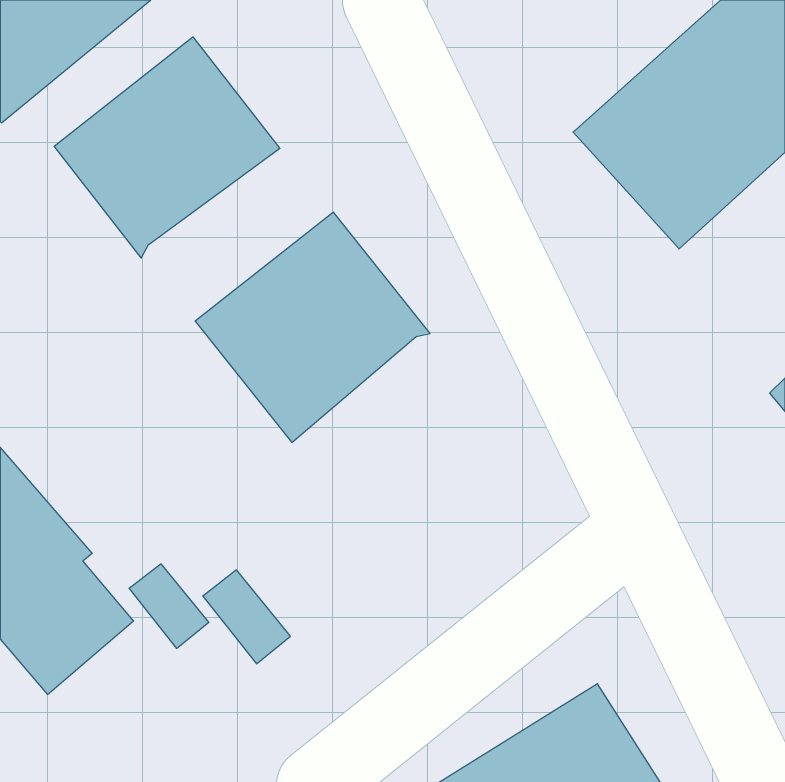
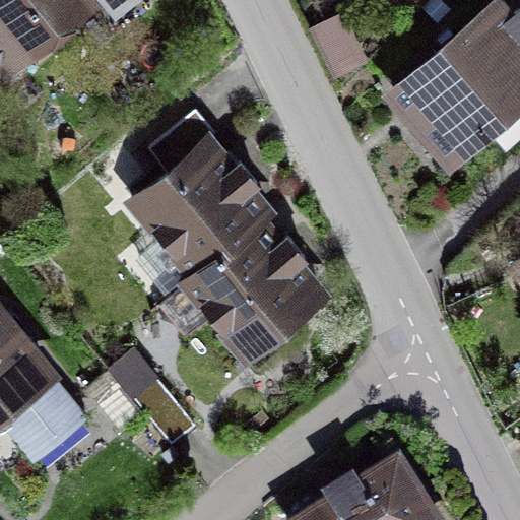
building: [54,37,280,258] -> none
building: none -> [188,224,345,381]

